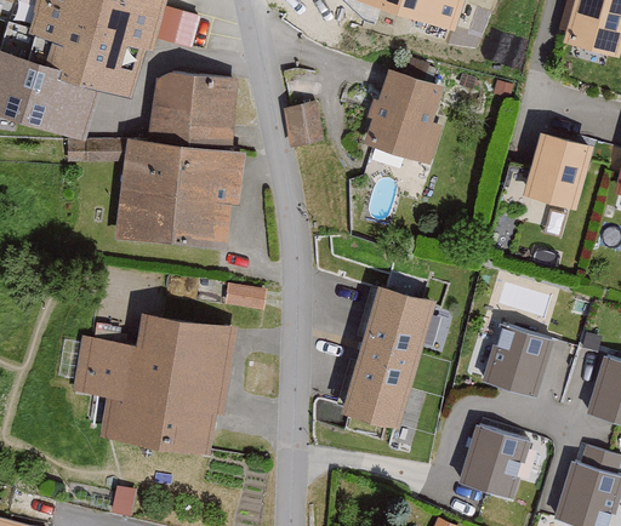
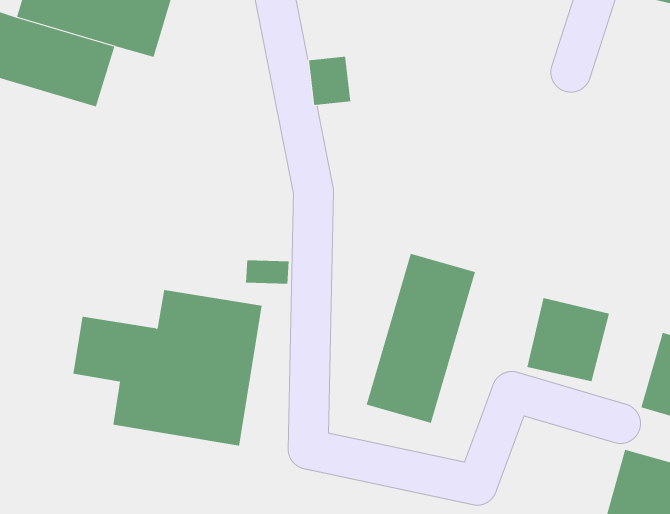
building: [369,70,450,165] -> none
building: [123,75,247,248] -> none
building: [522,128,593,210] -> none
building: [455,418,535,505] -> none

